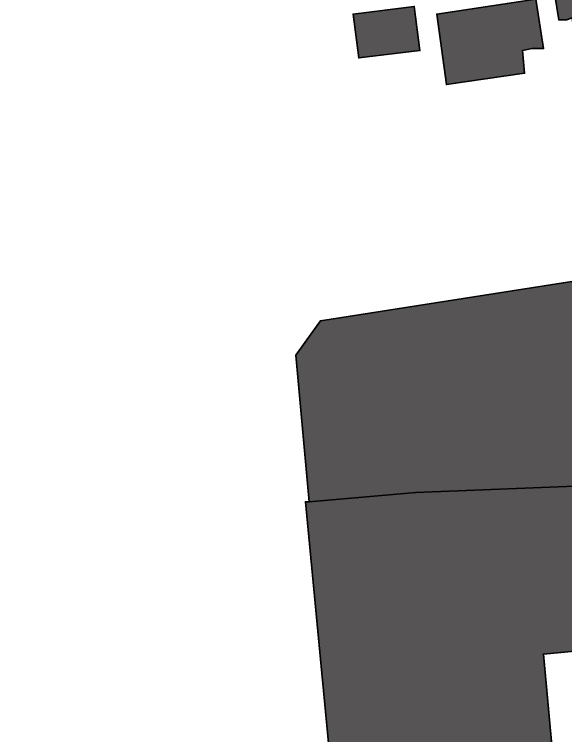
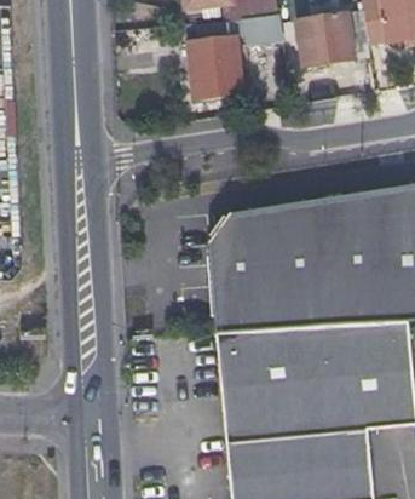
building: none -> [190,36,241,88]

